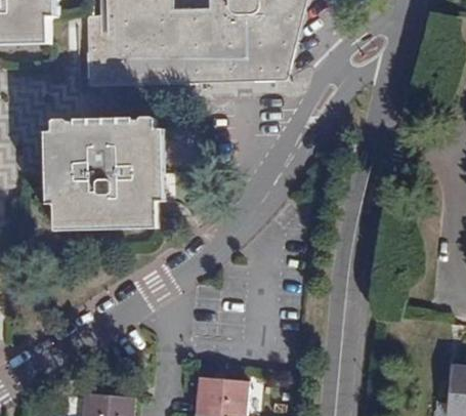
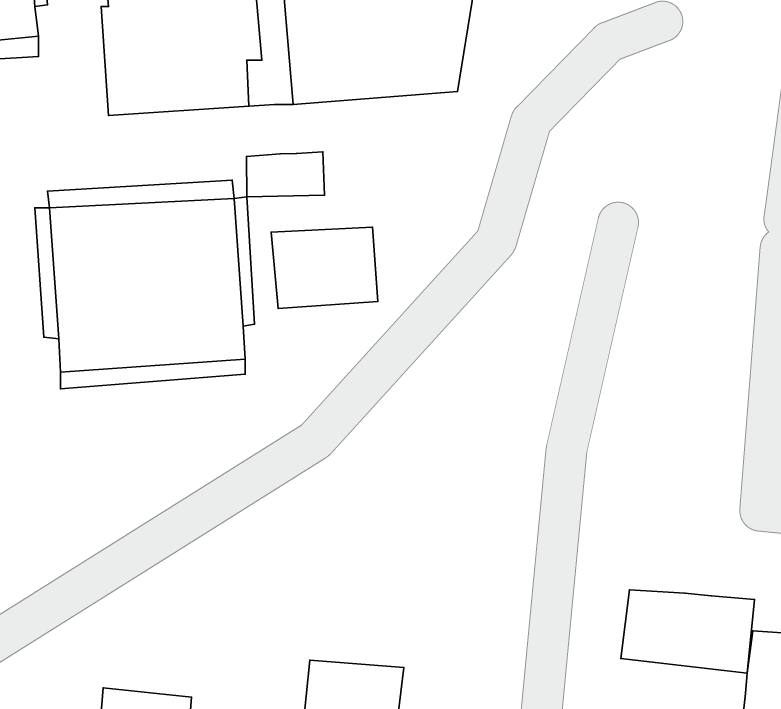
building: none -> [246,152,325,197]
building: none -> [271,227,378,308]
building: none -> [621,590,754,673]

